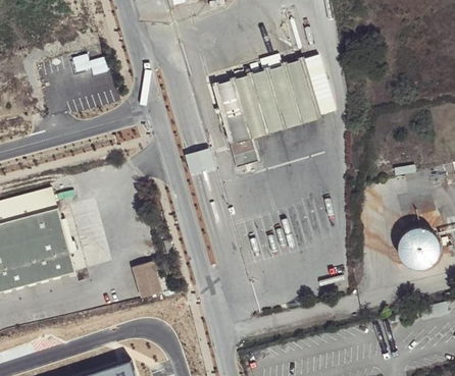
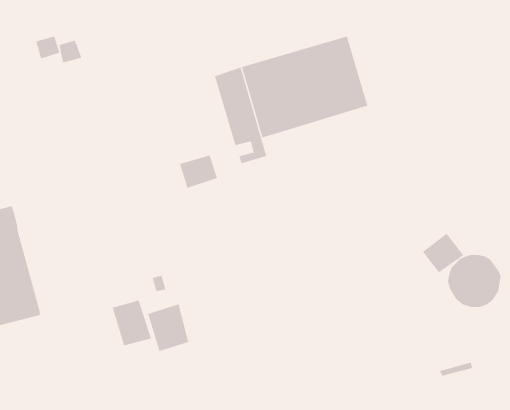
building: none -> [422,233,464,273]
building: none -> [148,303,189,352]

